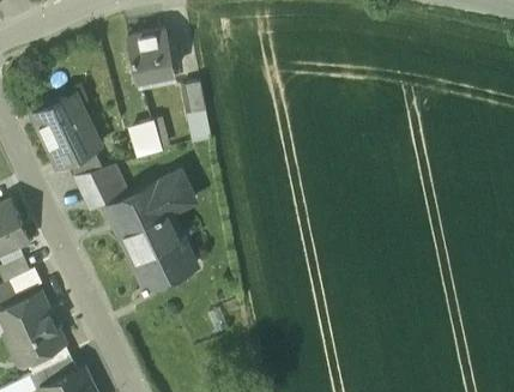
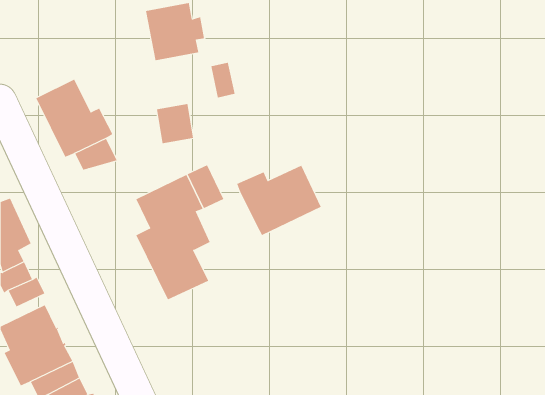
building: [78,165,125,207] -> none
building: none -> [236,165,321,236]

